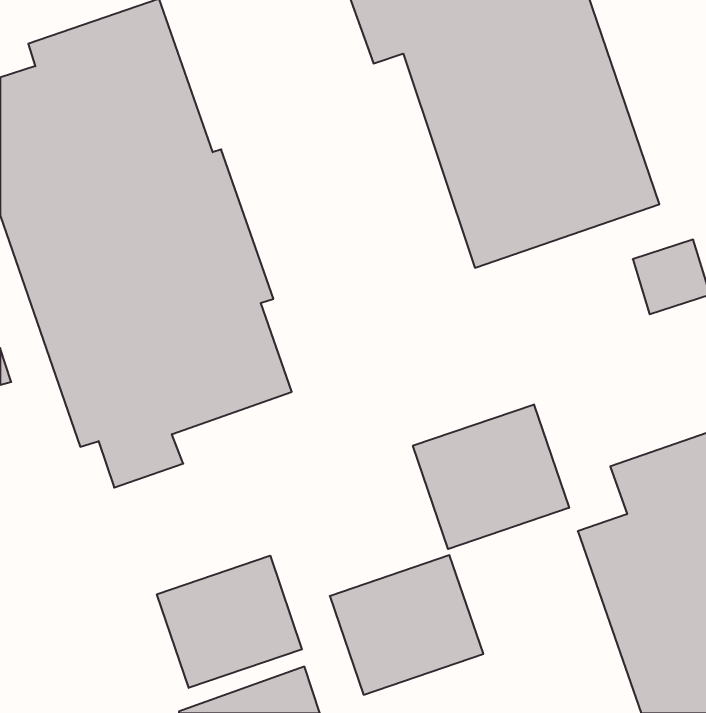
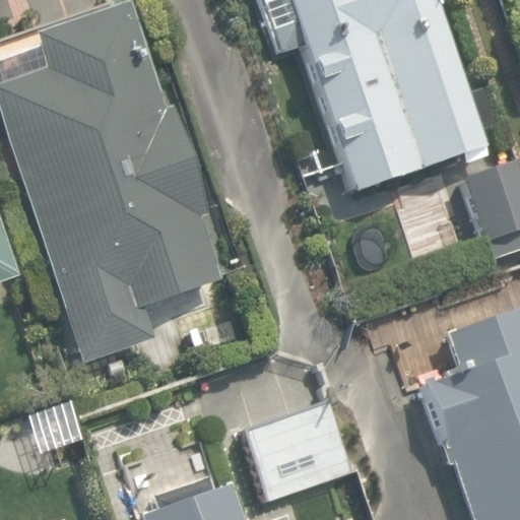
building: [413,404,569,549] -> none
building: [157,556,302,688] -> none

